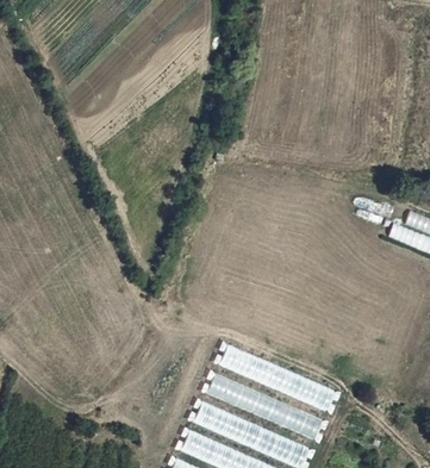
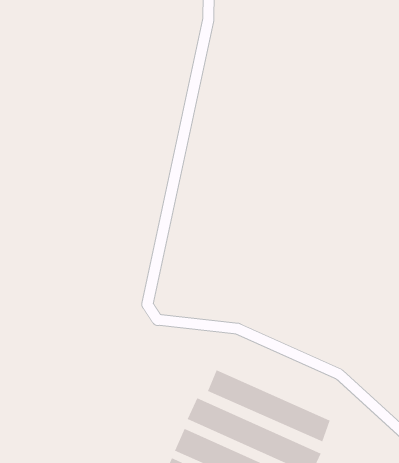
building: [223,347,337,412] -> none

